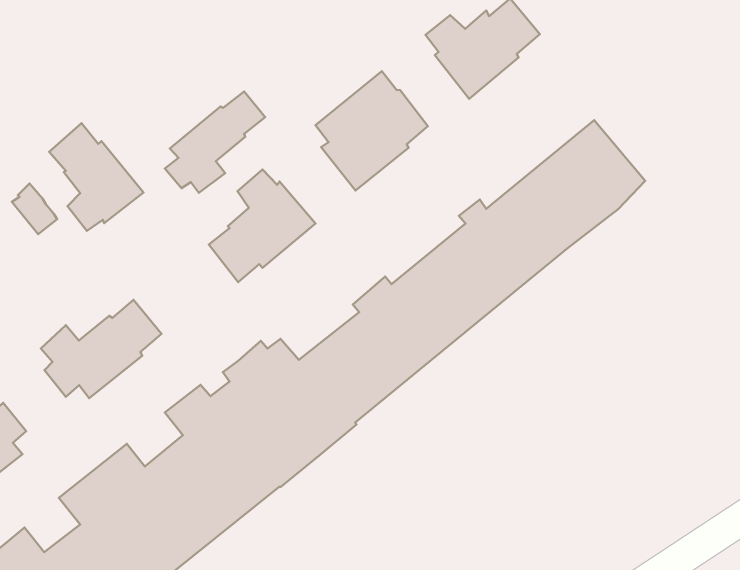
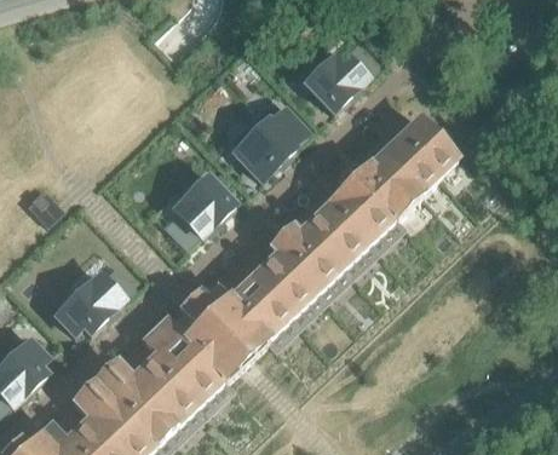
building: [165,91,265,193] -> none
building: [49,123,143,231] -> none

